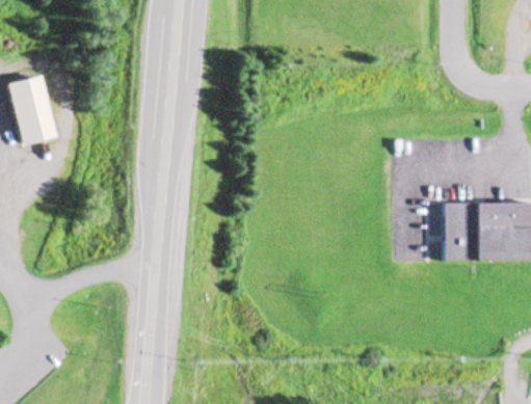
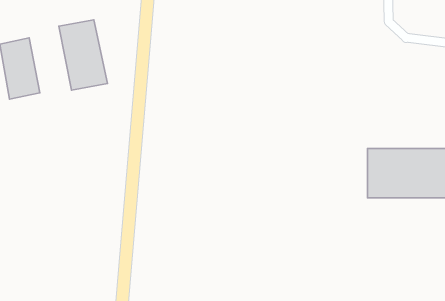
building: none -> [59,20,107,90]

